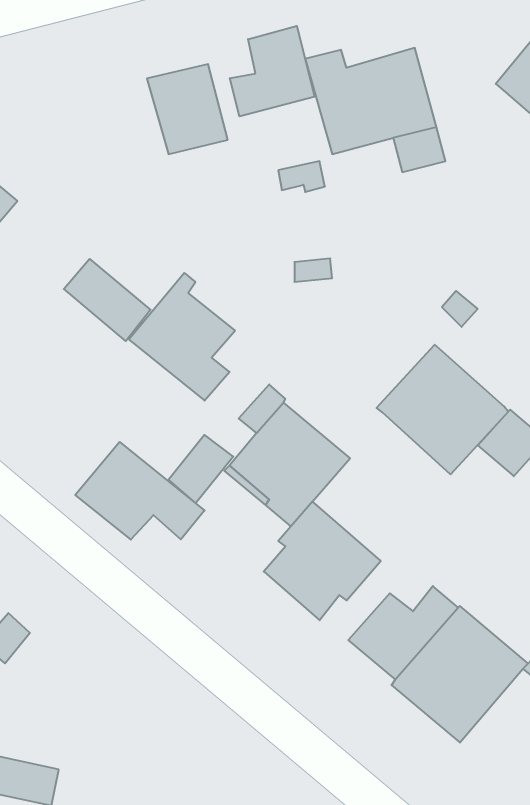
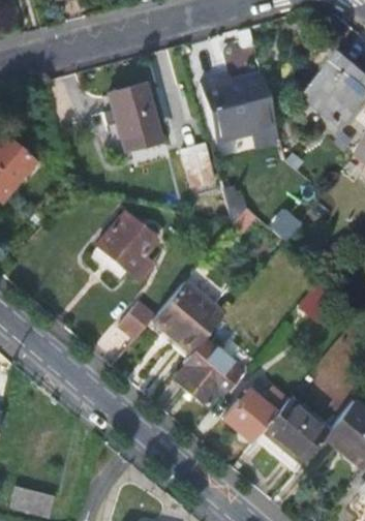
building: [230,26,315,116] -> none
building: [64,259,151,341] -> none
building: [377,345,509,474] -> none
building: [75,442,205,540] -> none

